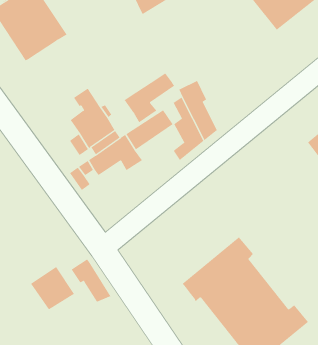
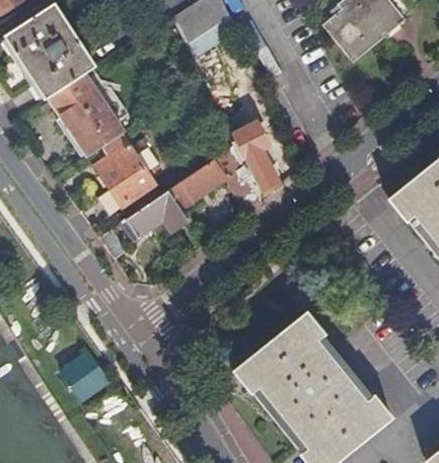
building: none -> [49,74,115,145]
building: [124,73,175,123] -> none
building: [71,258,111,302] -> none

